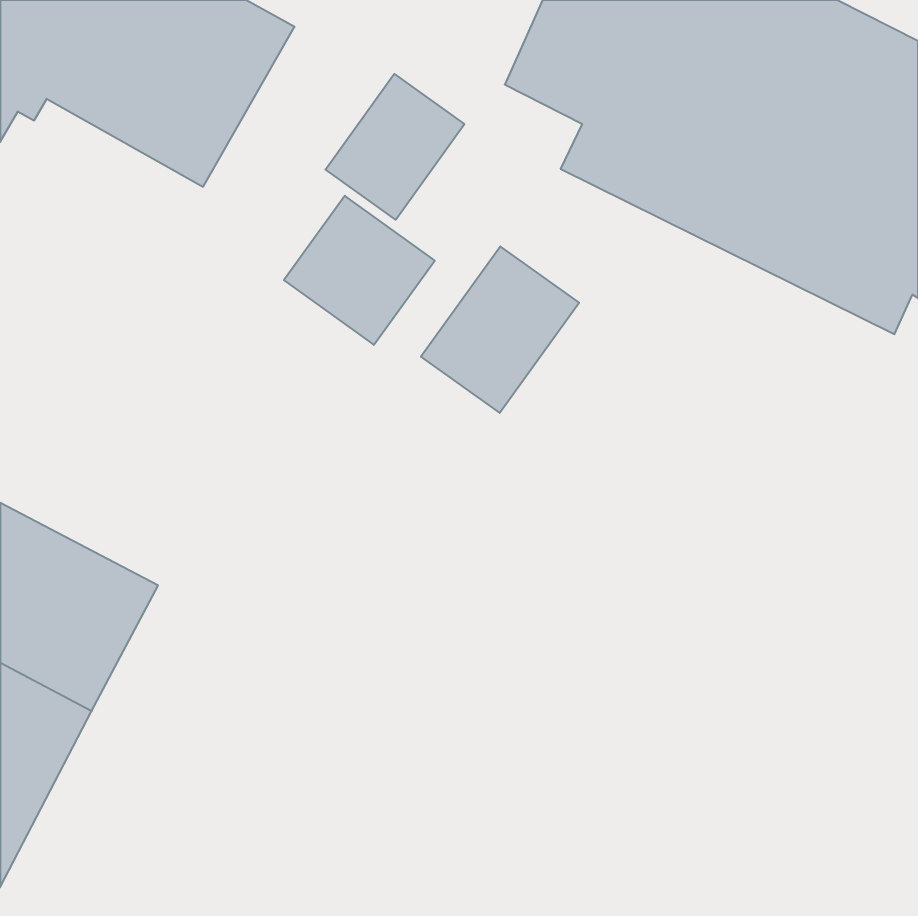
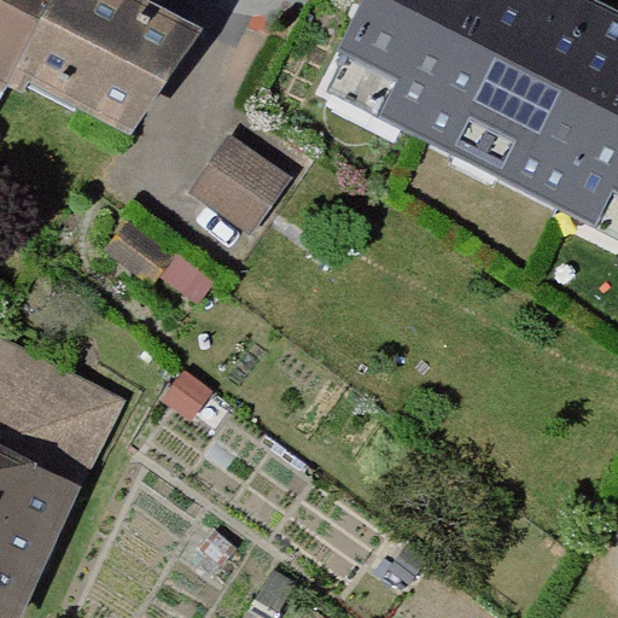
building: [325,74,464,220] -> none
building: [421,246,579,413] -> none

